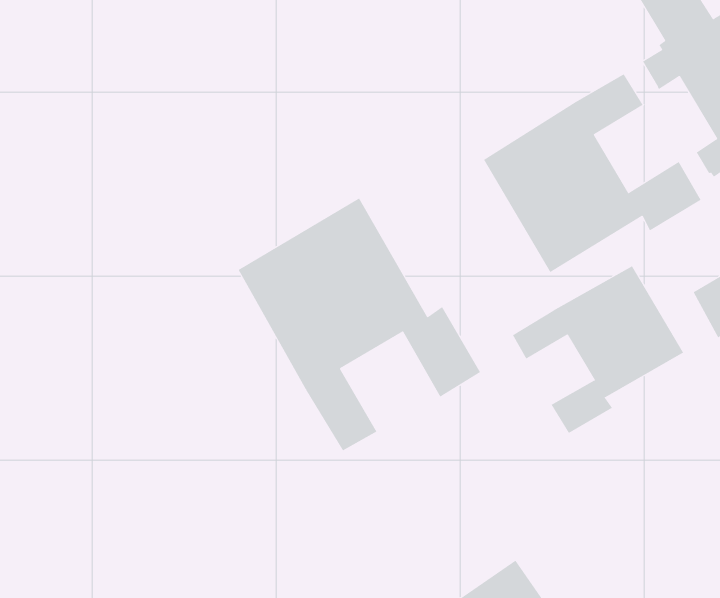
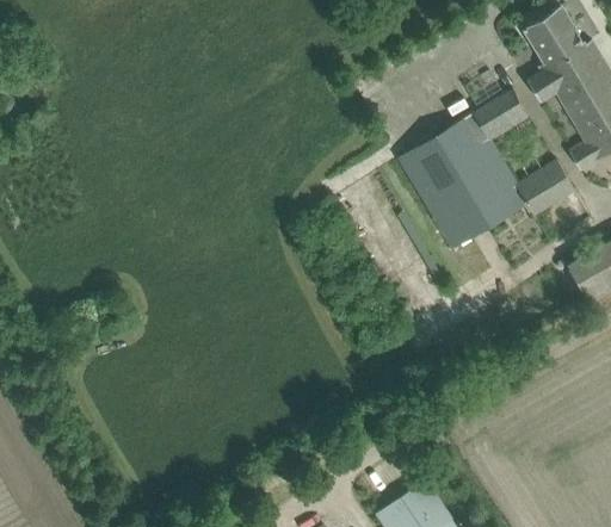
building: [238,197,481,451] -> none
building: [512,266,684,434] -> none

